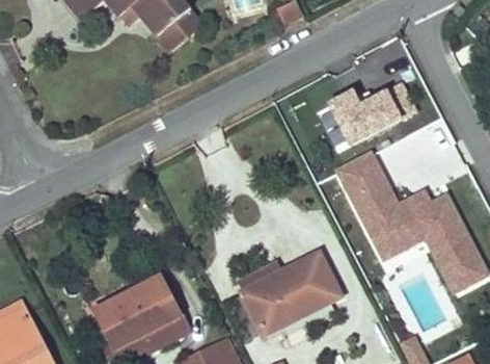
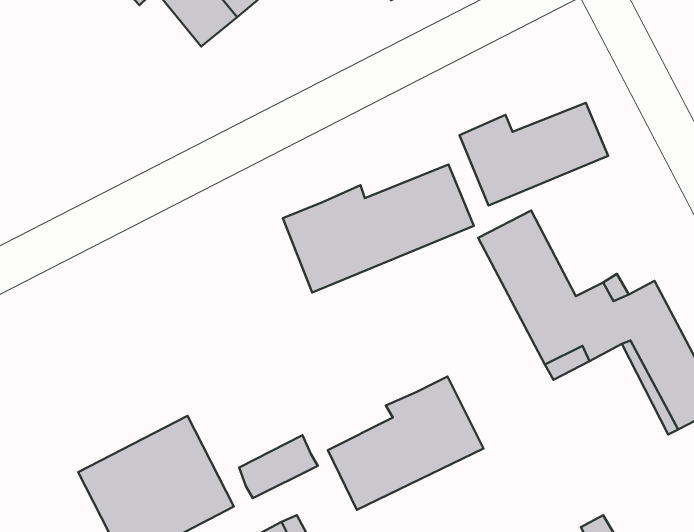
building: none -> [283,164,474,293]
building: [238,259,285,297] -> [239,435,318,498]

